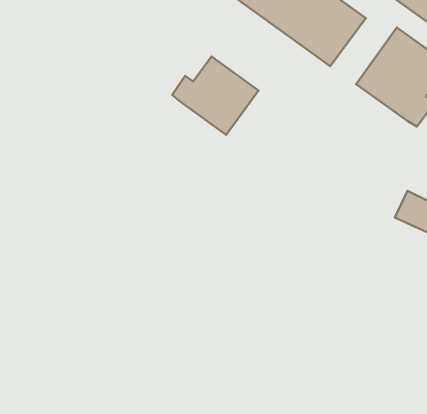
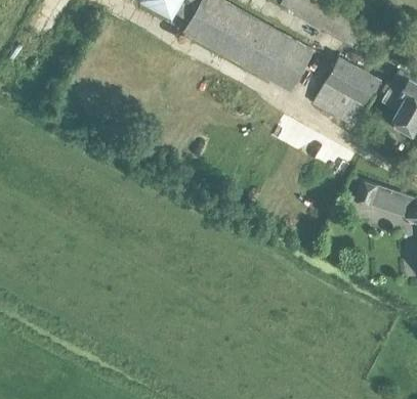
building: [172,56,259,135] -> none

